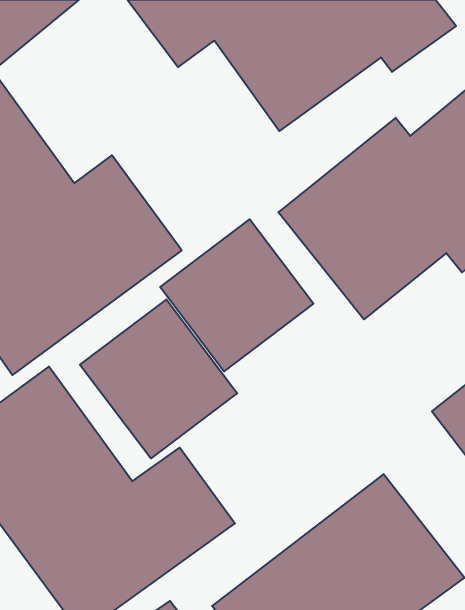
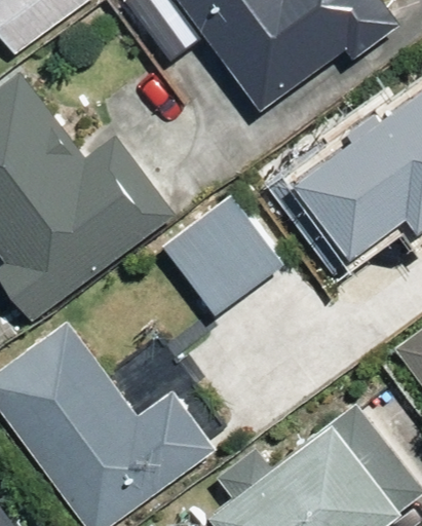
building: [80,299,237,458] -> none

